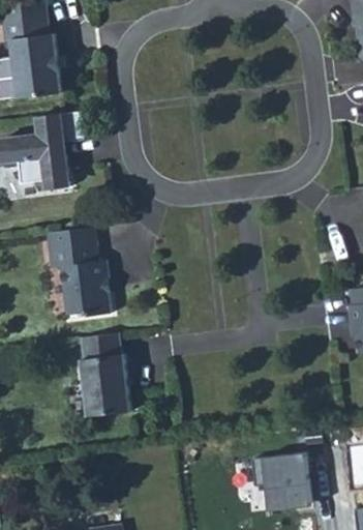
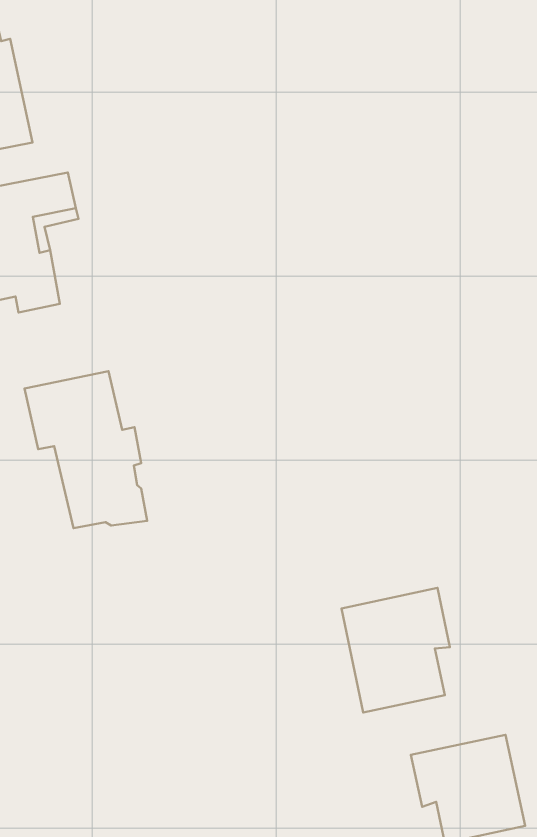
building: [79,333,129,416] -> none
building: none -> [341,588,450,713]

